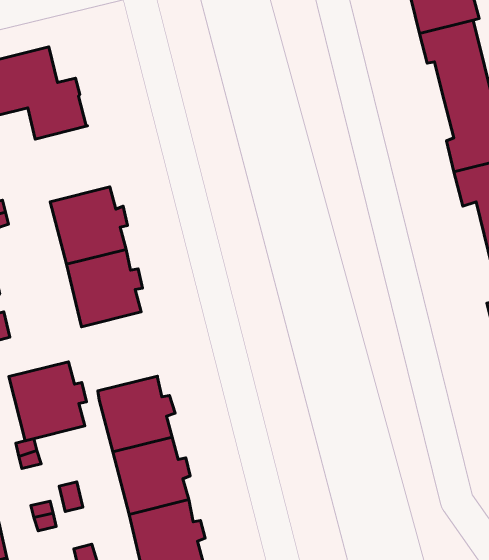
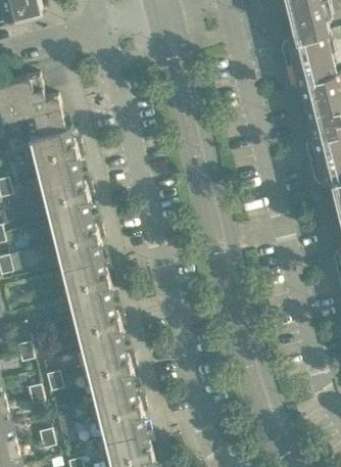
building: none -> [29,125,81,179]
building: [9,362,86,441] -> [60,254,113,309]

